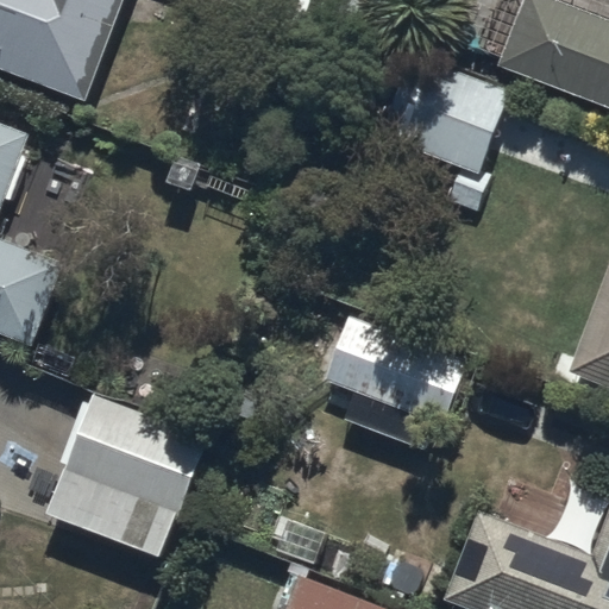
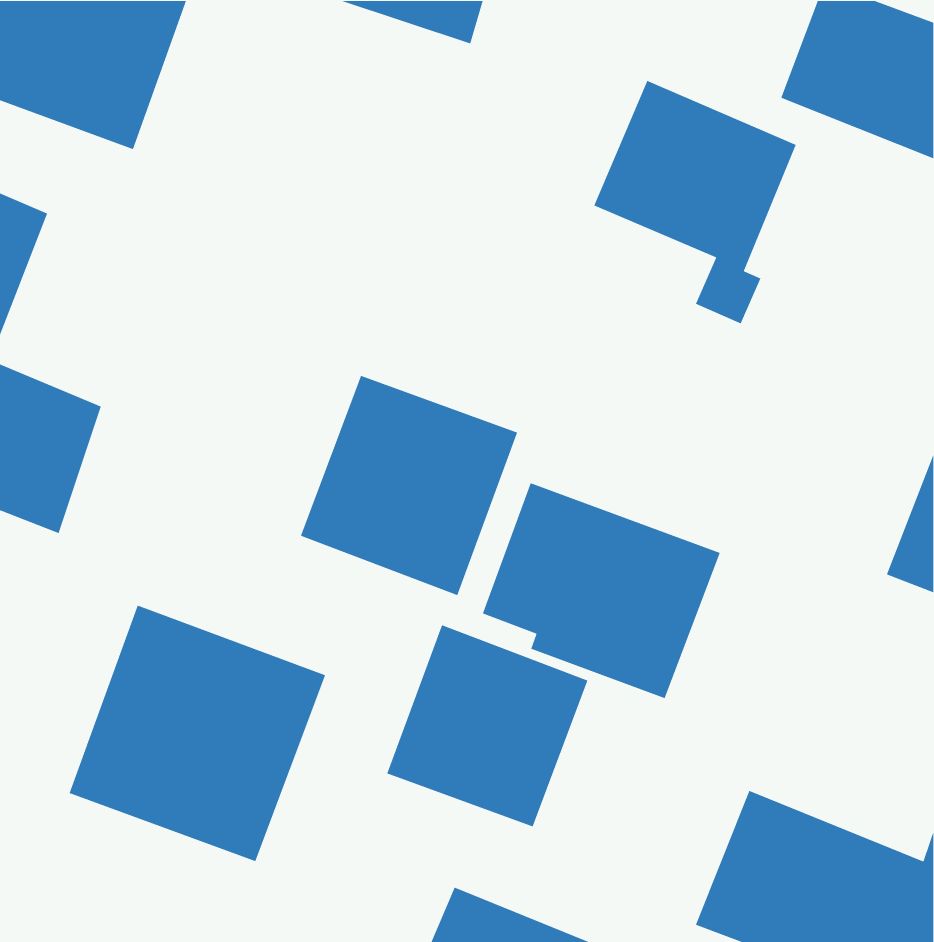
building: none -> [300,375,518,596]
building: none -> [386,624,589,828]

